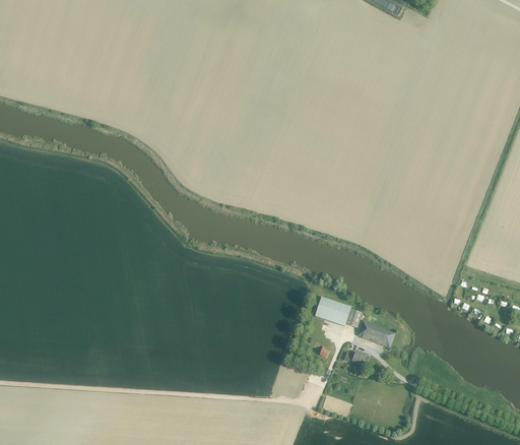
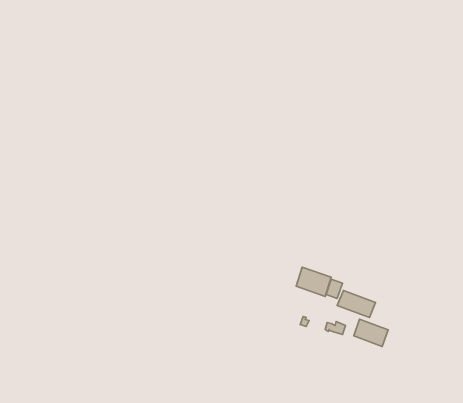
building: none -> [354,319,388,346]

